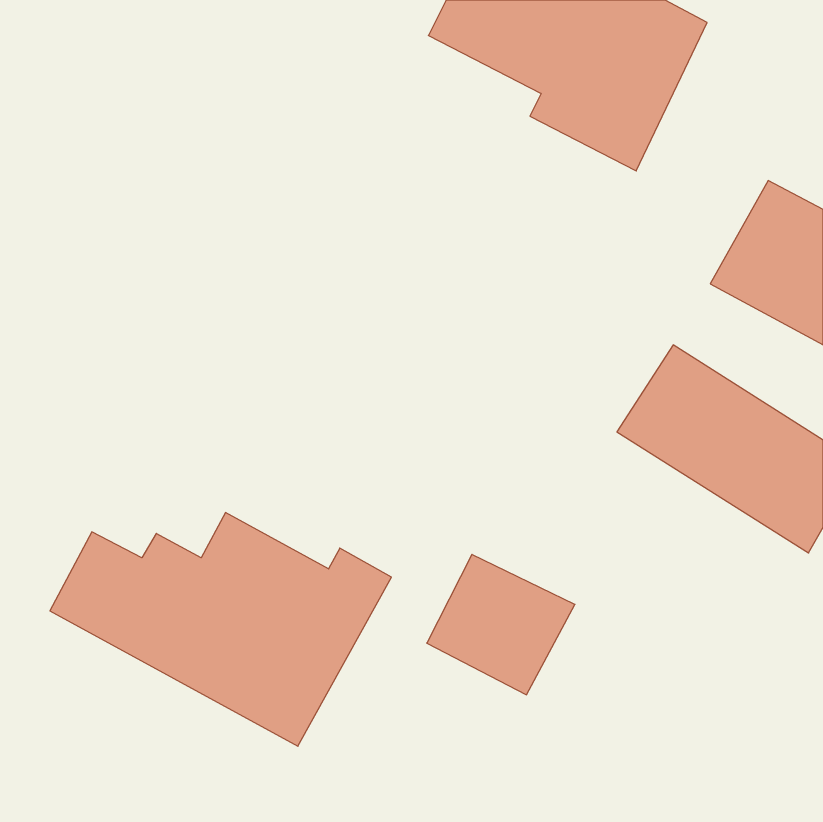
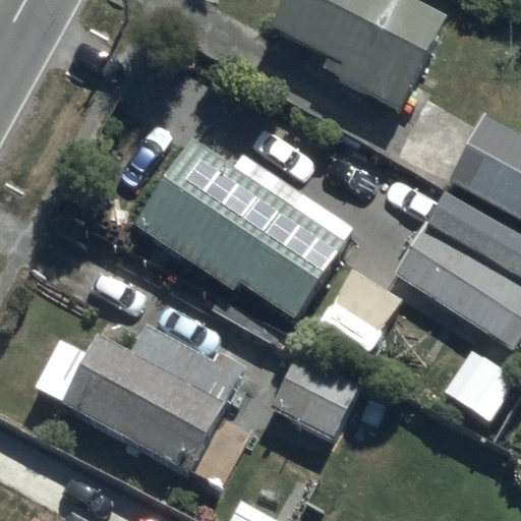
building: none -> [132,129,353,319]

